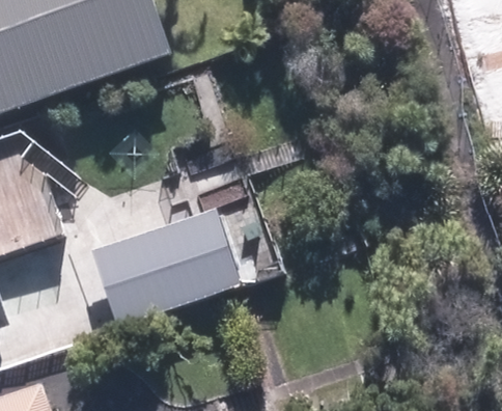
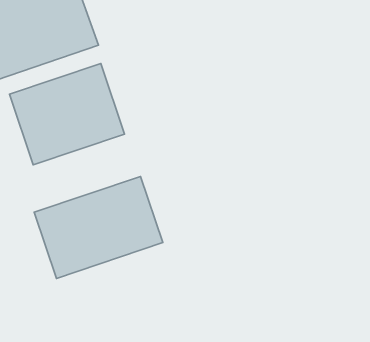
building: none -> [9,63,124,165]

